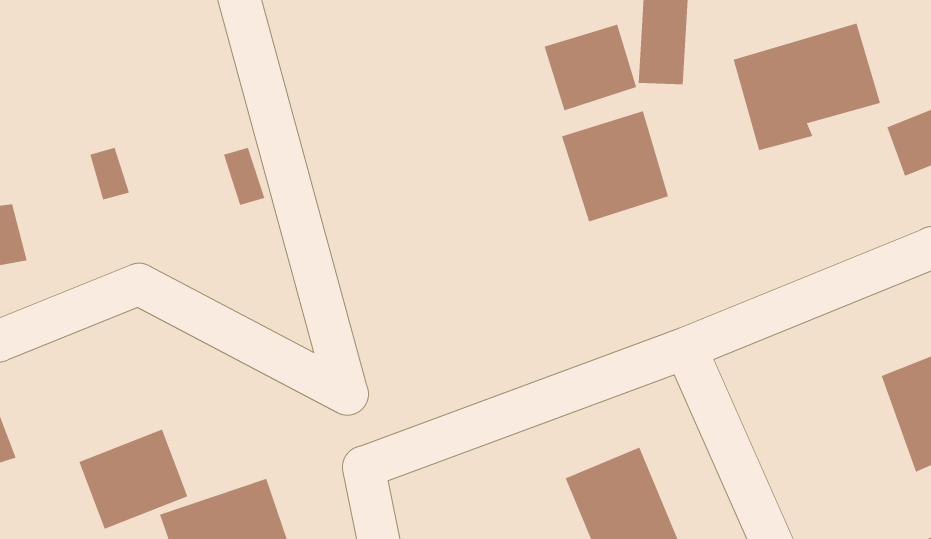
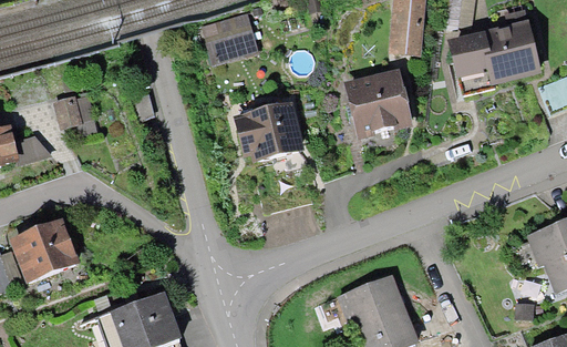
building: none -> [202,16,259,65]
building: [544,24,637,111] -> none
building: none -> [235,100,300,157]
building: [79,429,188,529] -> [9,217,75,278]

